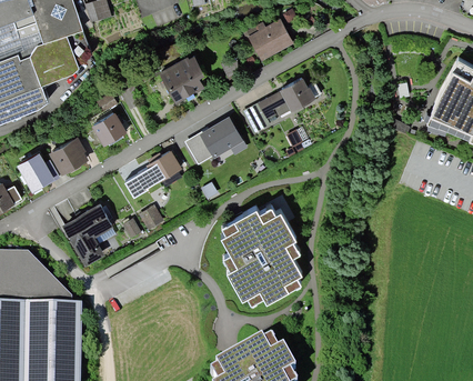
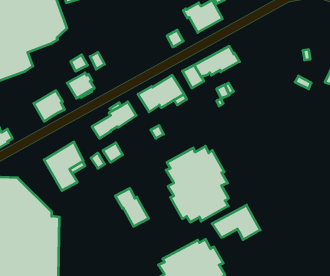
building: [158,56,204,103] -> none
building: [16,152,59,192] -> none
building: none -> [115,188,149,226]
building: none -> [212,205,260,240]

